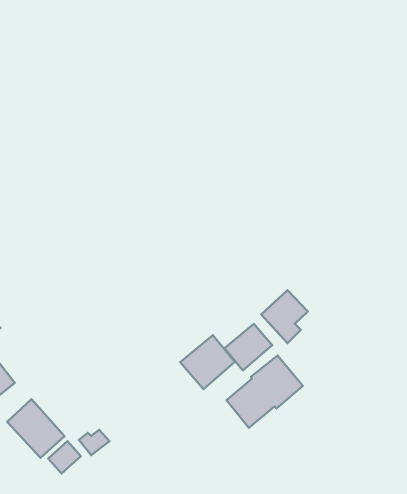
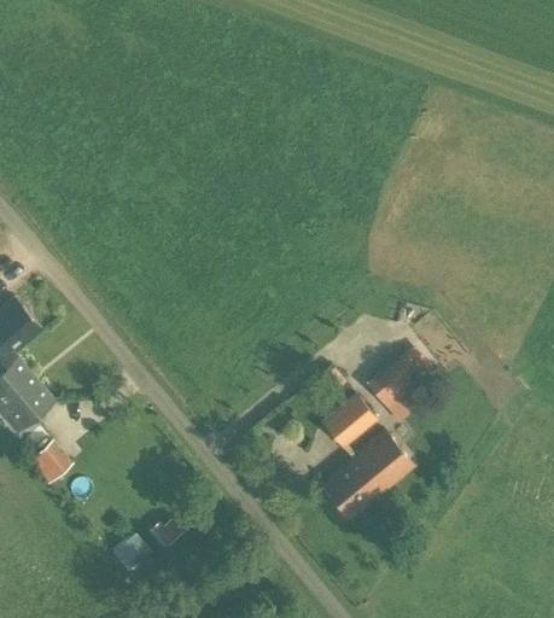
building: [180,335,235,389] -> none
building: [7,399,65,458] -> none

